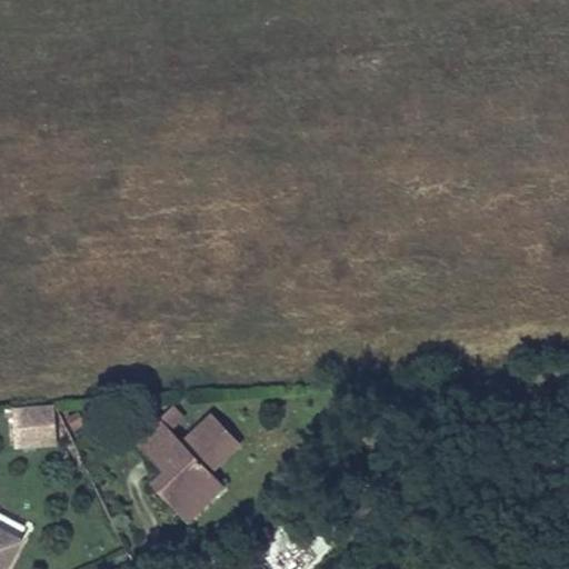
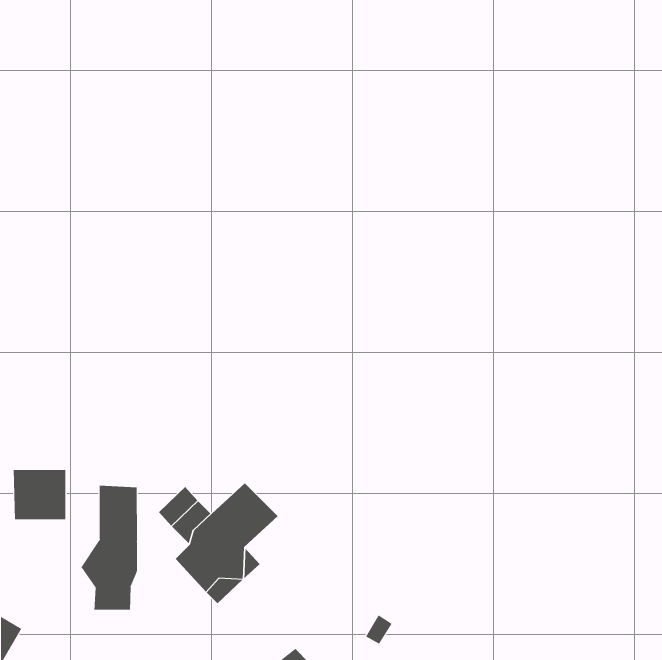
building: none -> [81,485,137,611]

